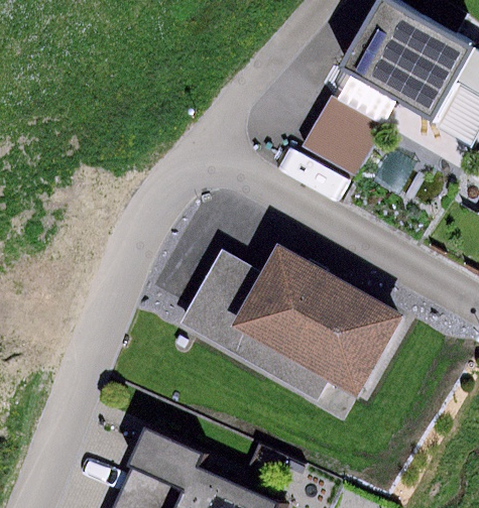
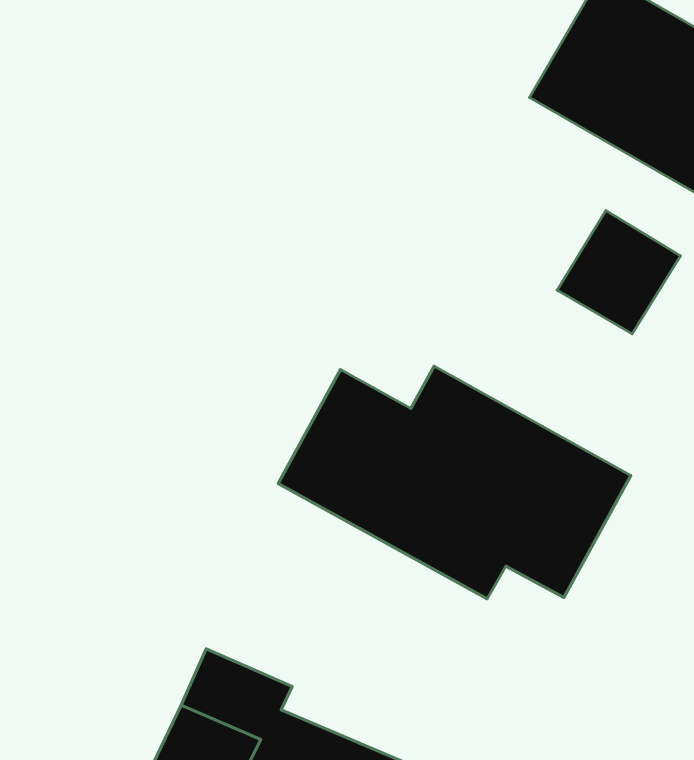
building: [300,97,379,176] -> [557,210,681,334]

